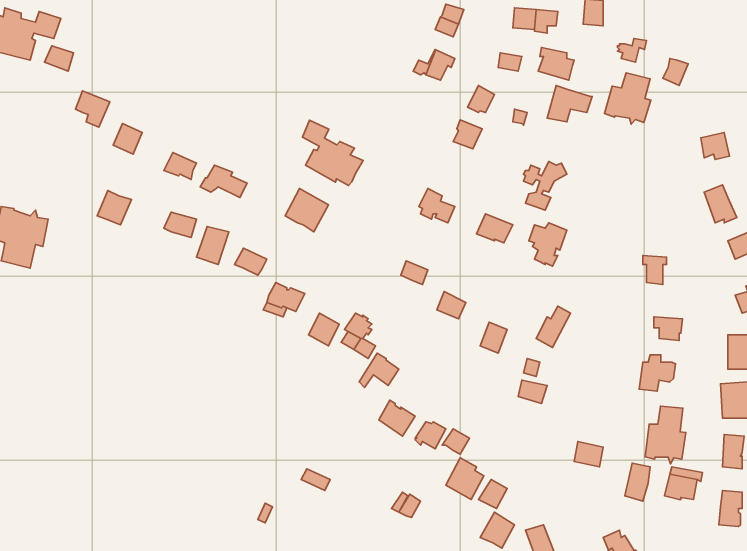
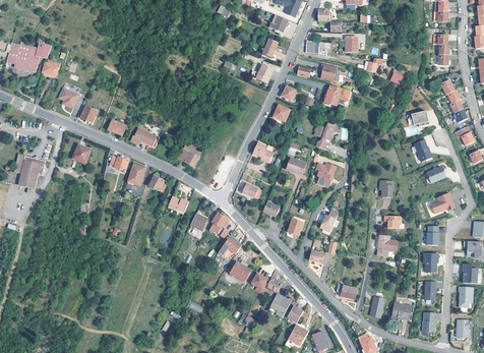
building: [605,73,651,124] -> none
building: [302,120,363,185] -> none
building: [645,406,686,464] -> none

